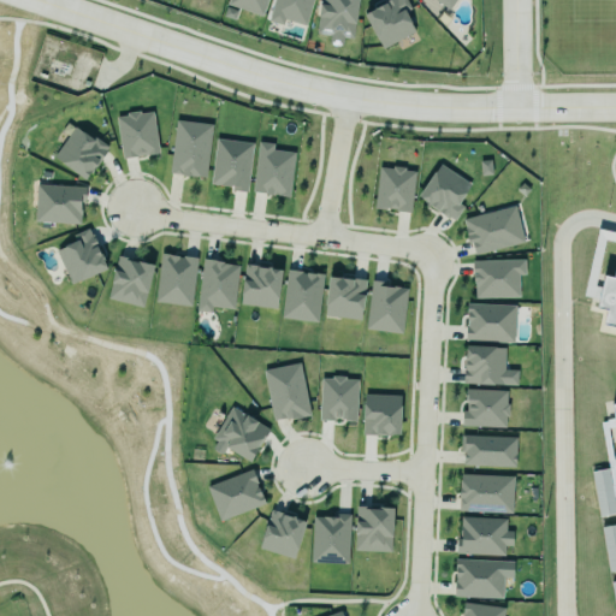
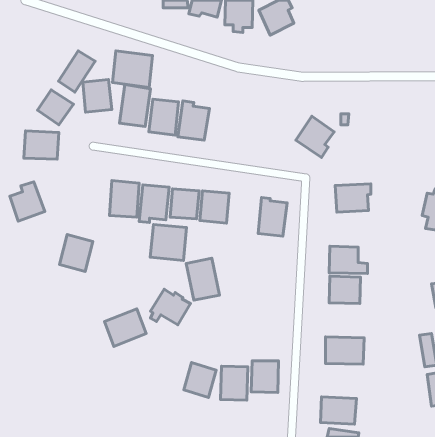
building: none -> [59,51,95,92]
building: none -> [113,51,152,87]
building: [375,166,417,213] -> none
building: [462,203,526,253] -> none
building: [59,229,108,284] -> [10,182,45,221]
building: [108,256,155,308] -> [59,235,93,271]
building: [325,274,366,316] -> none
building: [466,302,516,342] -> none
building: none -> [150,224,187,260]
building: [321,378,360,421] -> none
building: [363,393,402,433] -> none
building: [463,436,519,467] -> none
building: [206,468,265,521] -> [104,309,146,346]
building: [460,517,515,556] -> none

